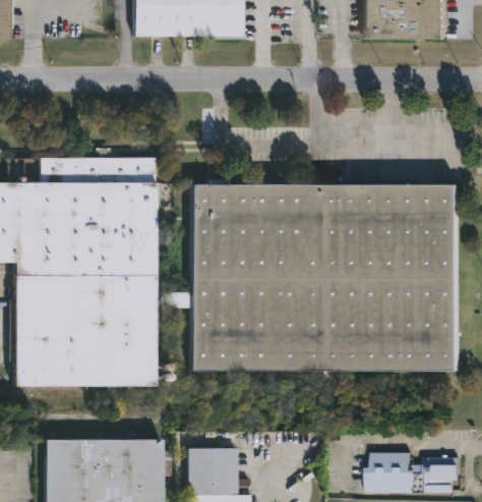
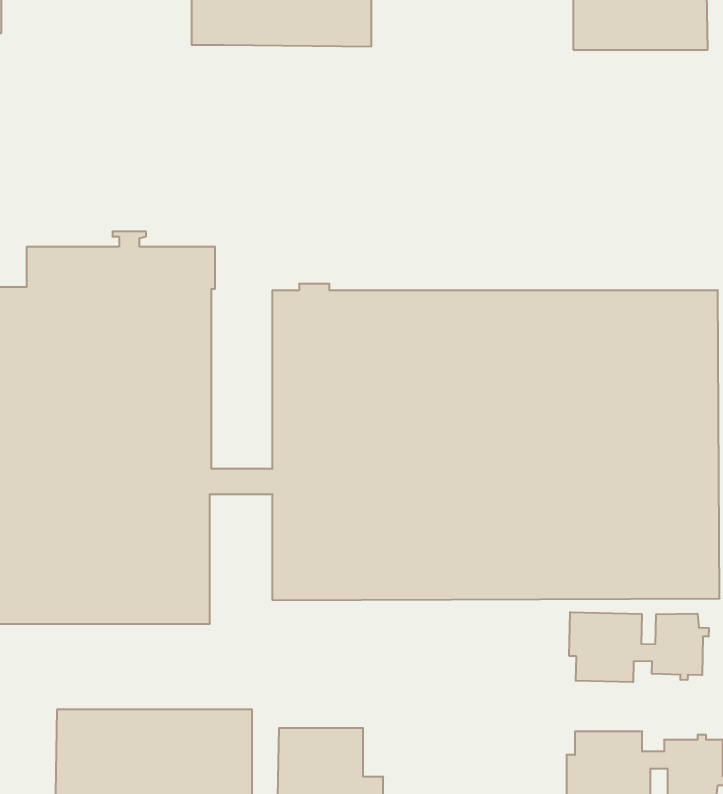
building: none -> [569,612,709,682]

